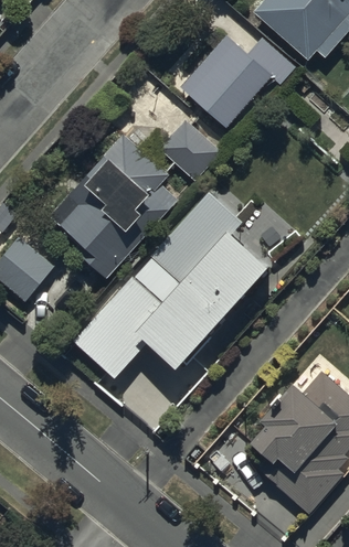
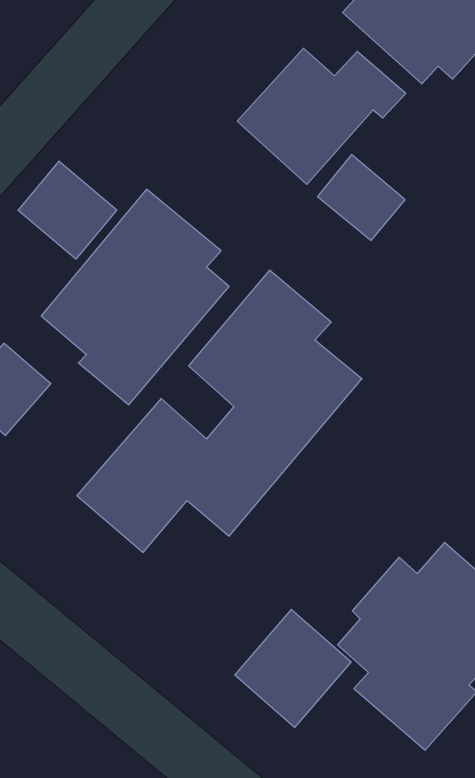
building: none -> [18,161,117,259]
building: [162,122,222,181] -> [318,154,405,240]
building: none -> [235,609,351,727]

